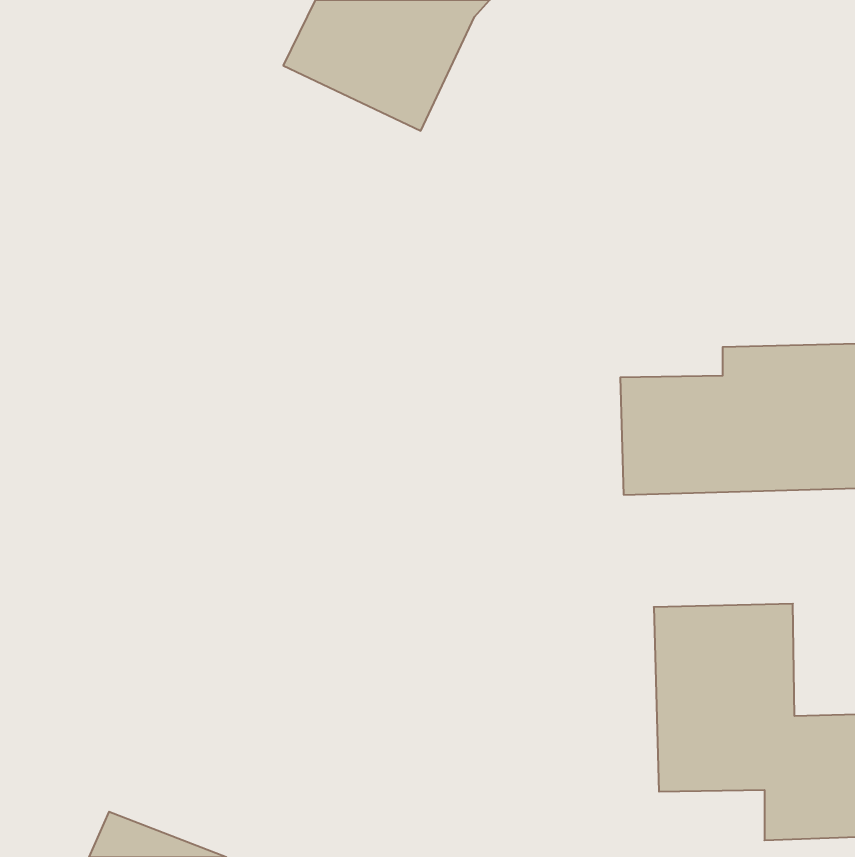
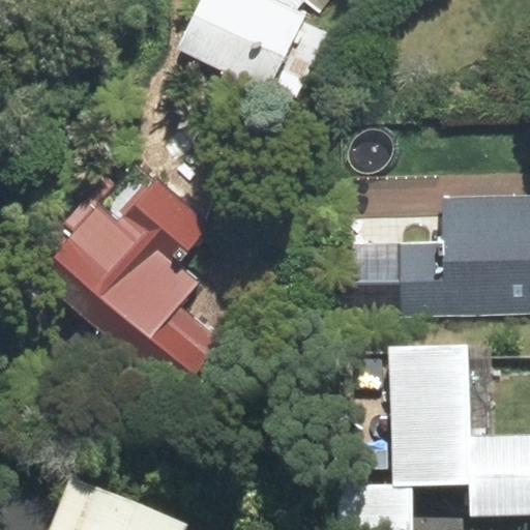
building: none -> [47,168,213,382]

